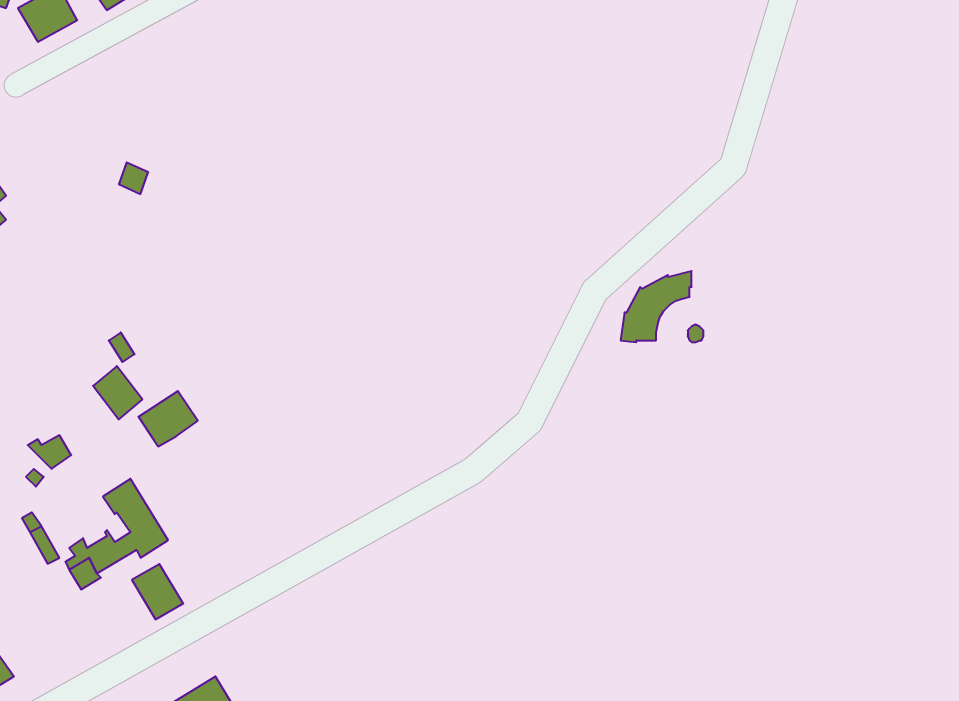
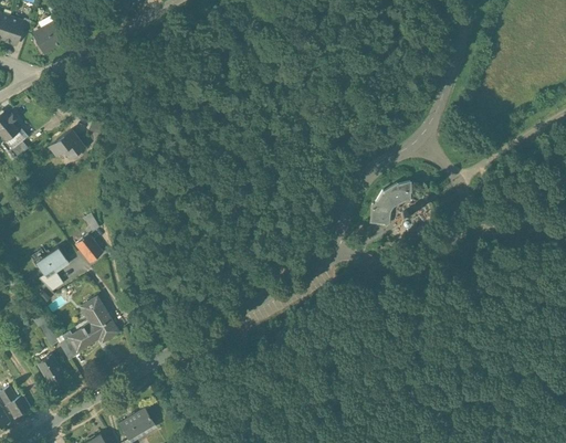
building: none -> [50,131,84,158]
building: [138,391,198,446] -> [35,246,69,277]
building: [132,564,183,619] -> [36,354,65,384]

